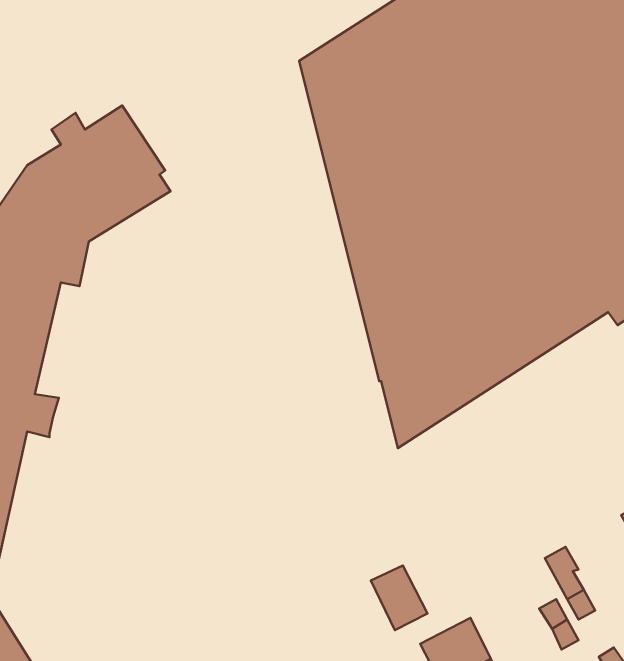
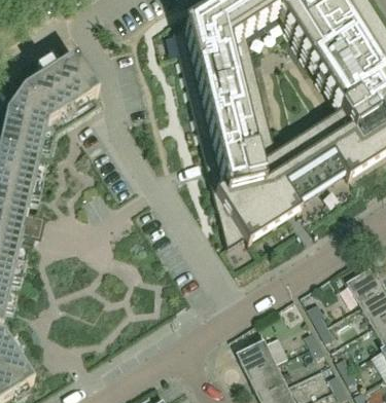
building: [371,566,428,630] -> none

